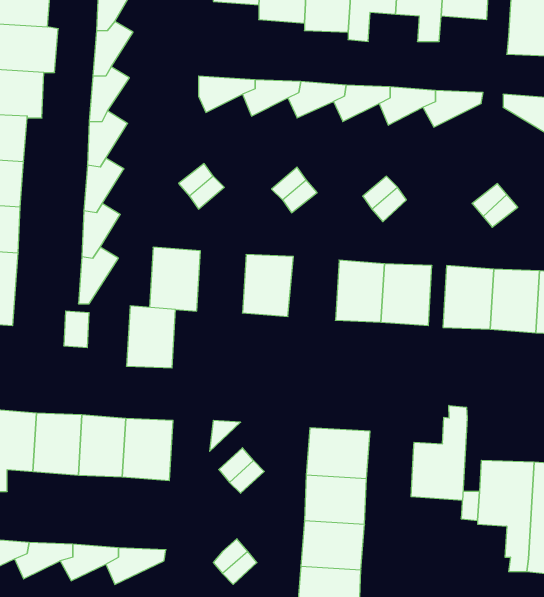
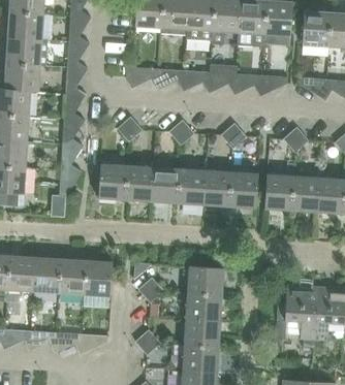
building: none -> [178,169,207,205]
building: [126,306,176,368] -> [126,166,154,201]
building: [411,405,467,501] -> none

